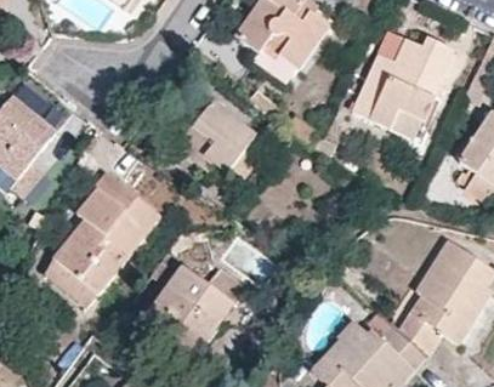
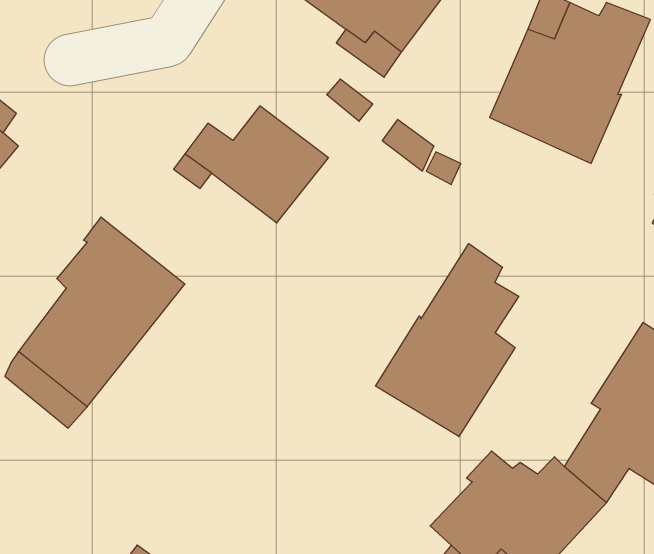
building: none -> [376,244,519,437]
building: [140,264,244,360] -> none

